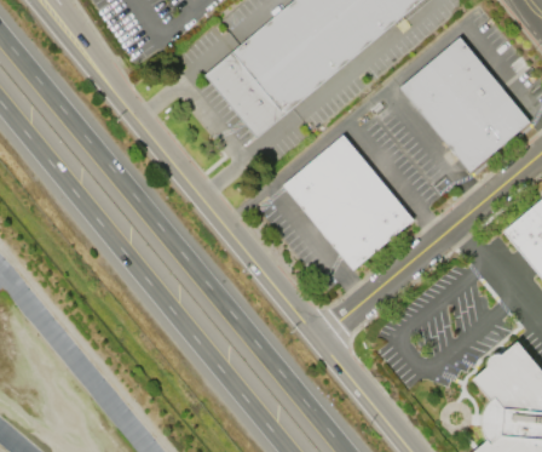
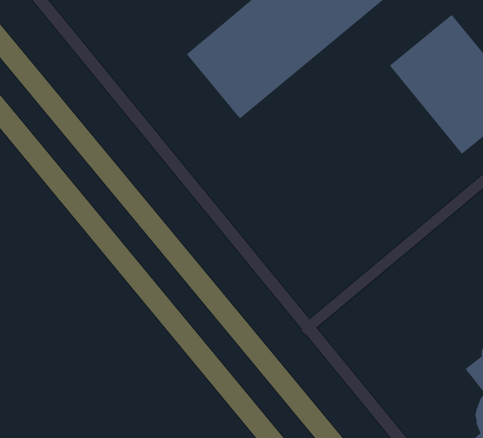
building: [283,135,413,269] -> none

